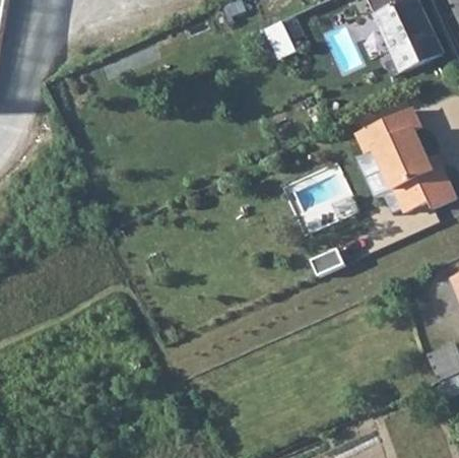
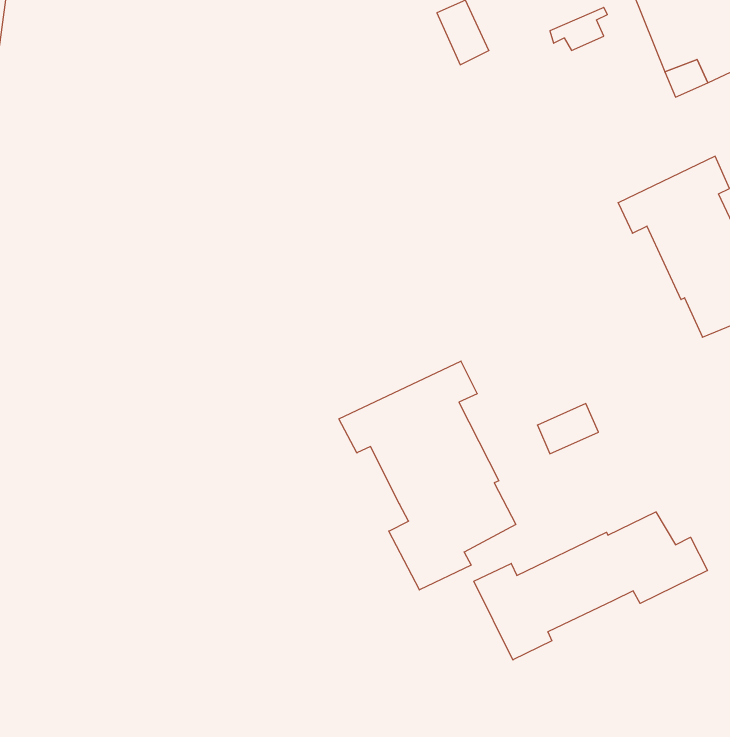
building: none -> [339,361,516,590]
building: none -> [474,512,707,660]

